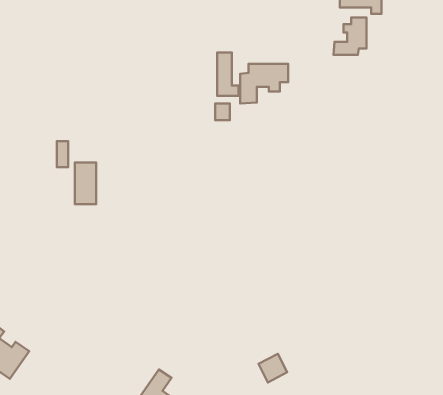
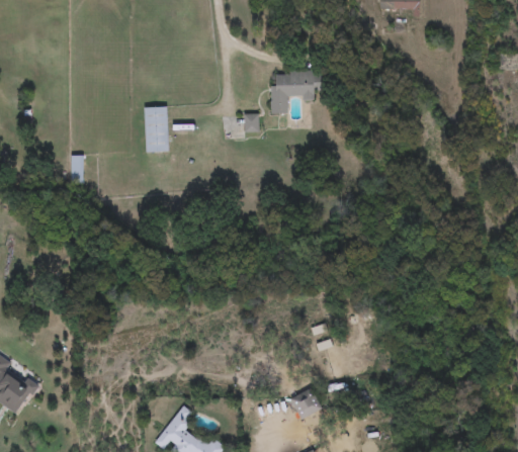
building: [334,18,366,55] -> none
building: [217,53,238,96] -> none
building: [75,162,96,204] -> [145,107,168,153]

